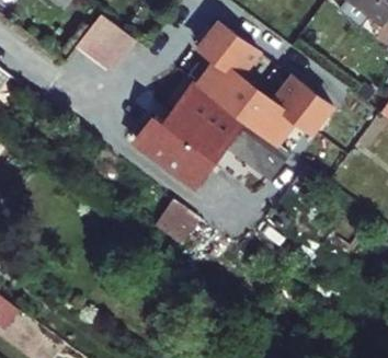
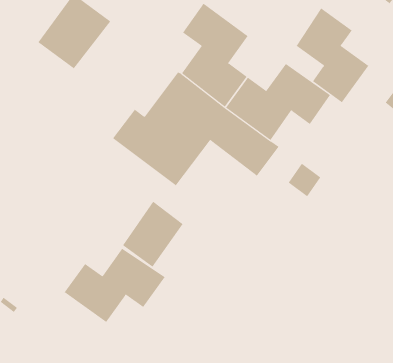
building: none -> [296,7,369,103]
building: none -> [64,248,166,323]

